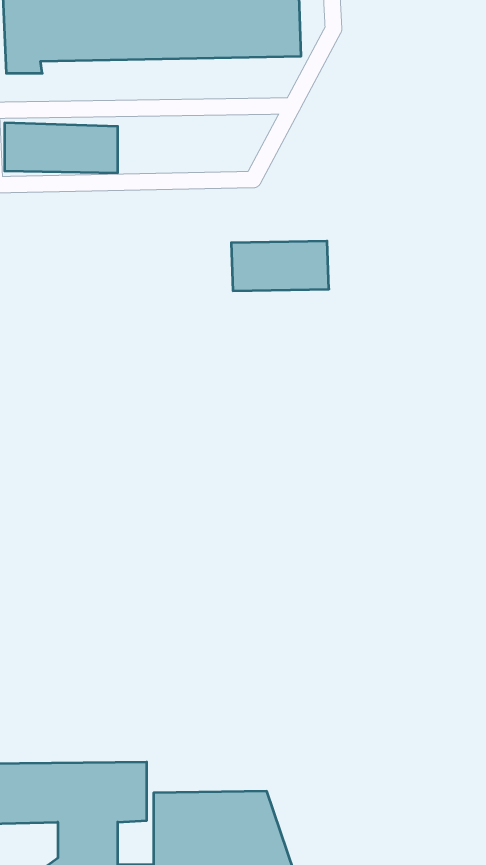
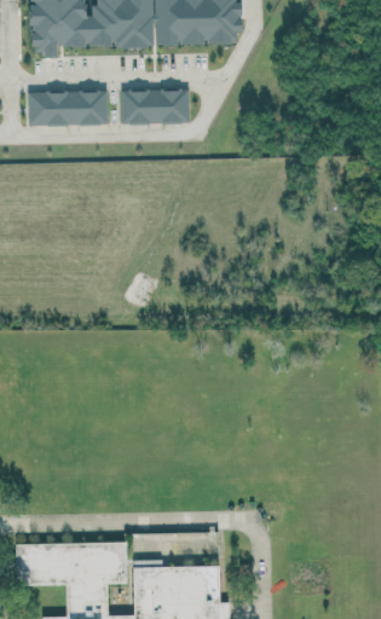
building: [231,241,329,291] -> [121,89,190,125]

